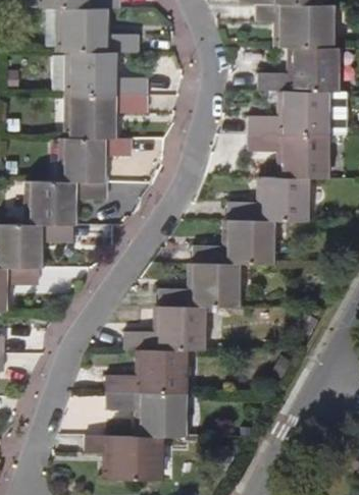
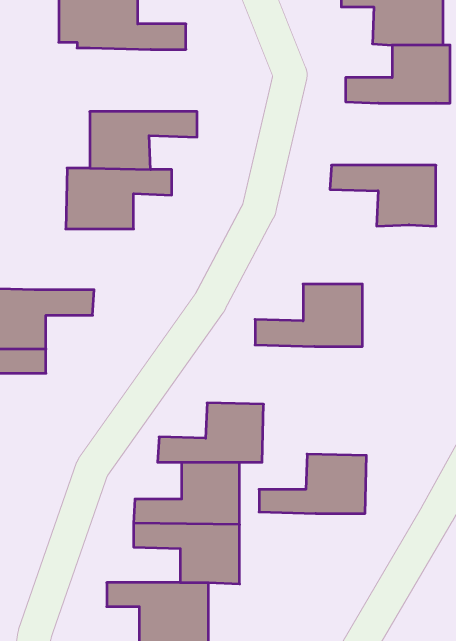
building: [61,50,151,96] -> none
building: [248,90,323,134] -> none
building: [227,177,304,220] -> none
building: [34,180,110,224] -> none
building: [158,264,236,307] -> [259,454,366,513]

